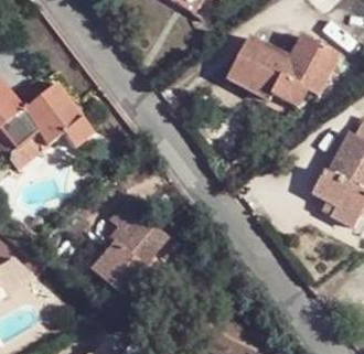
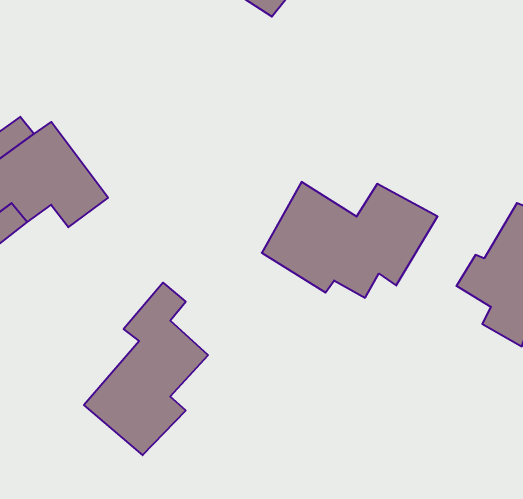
building: [233,32,345,106] -> [262,182,438,298]

